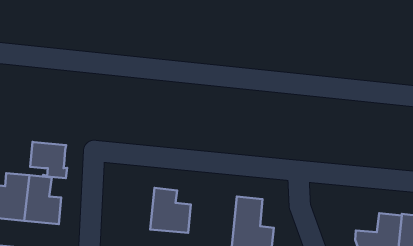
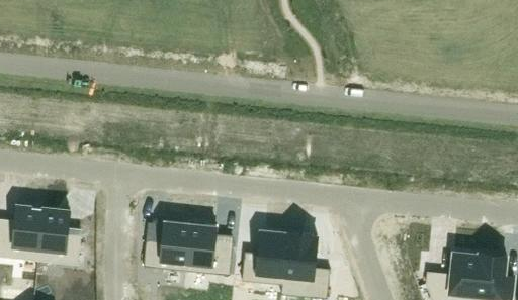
building: [30,142,67,178] -> none
building: none -> [143,219,190,271]
building: none -> [241,229,286,284]

